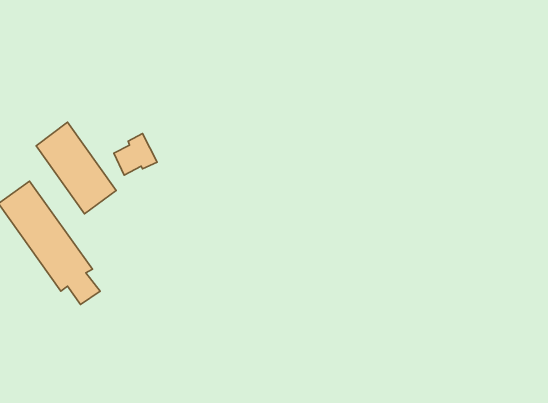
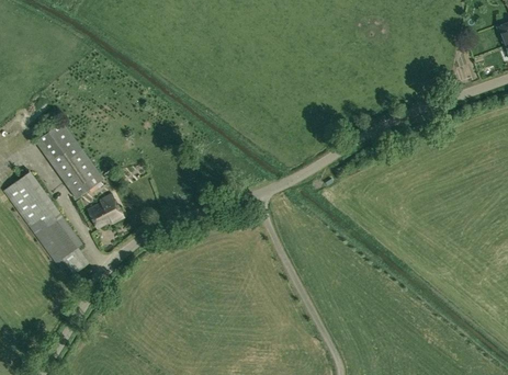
building: [114,133,157,175] -> [88,193,124,228]

